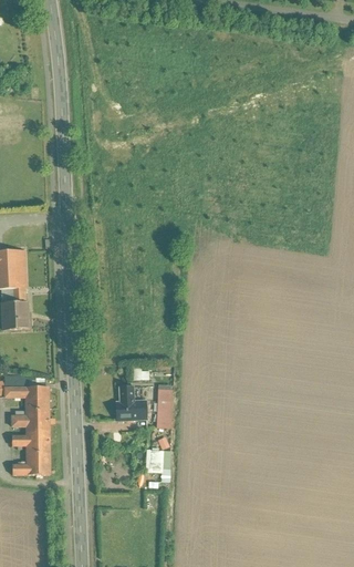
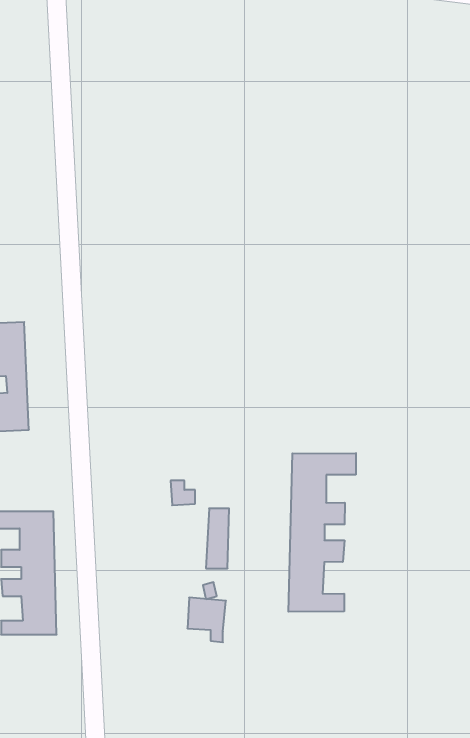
building: none -> [288,453,356,612]
building: [116,383,148,420] -> none

